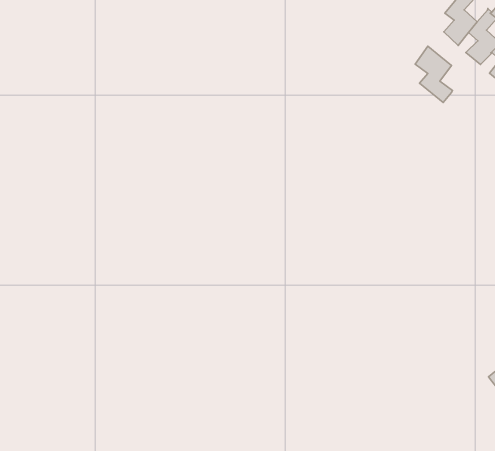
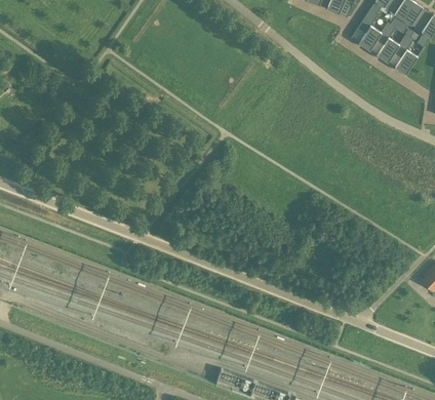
building: [415,46,453,103] -> none

